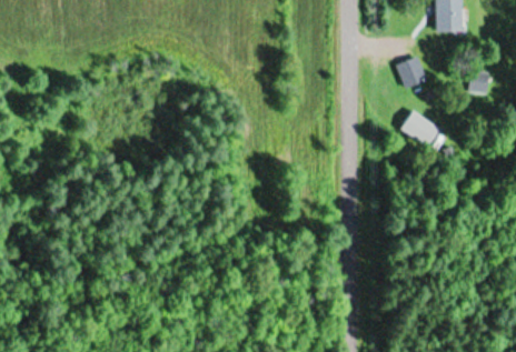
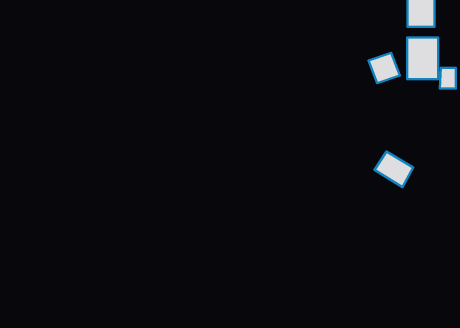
building: none -> [407,38,438,79]
building: [400,112,440,149] -> [374,151,413,187]

